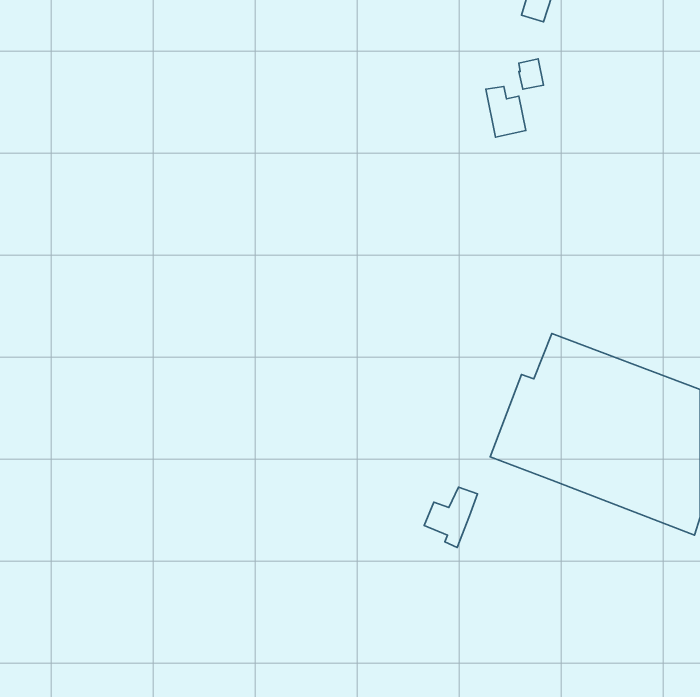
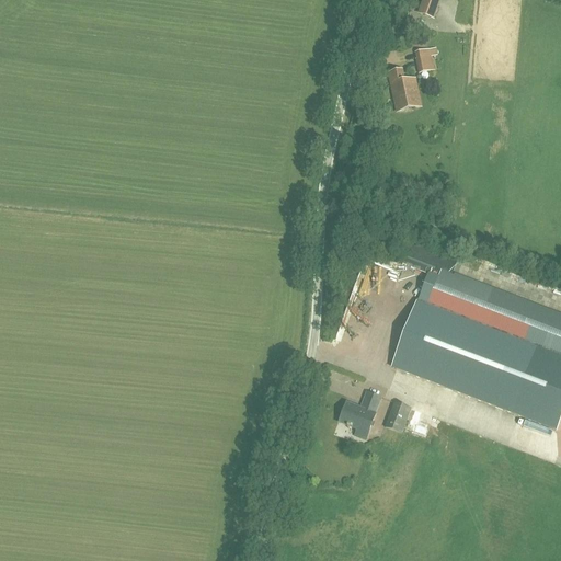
building: none -> [383,399,411,432]

